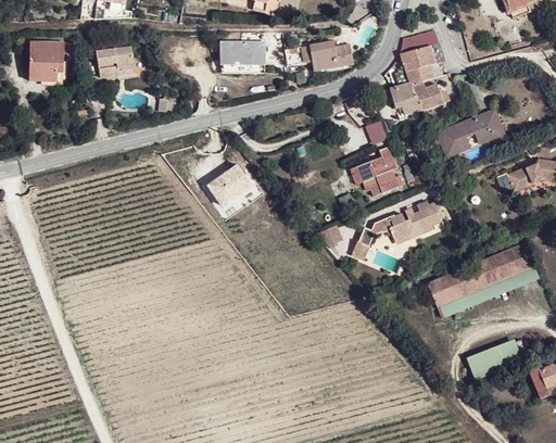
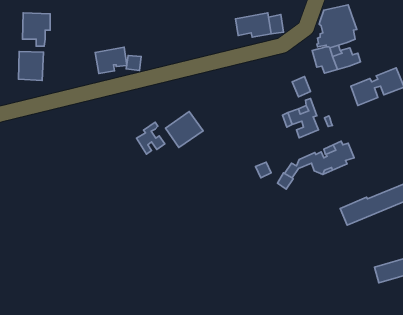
building: [220,42,265,74] -> none
building: [96,46,135,78] -> [95,47,127,73]
building: none -> [18,52,44,80]
building: none -> [137,122,165,154]

